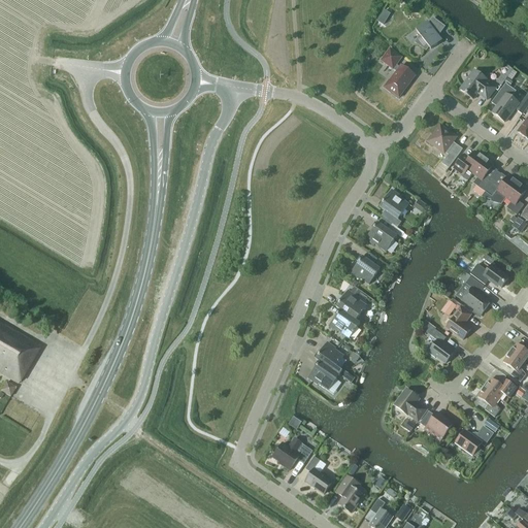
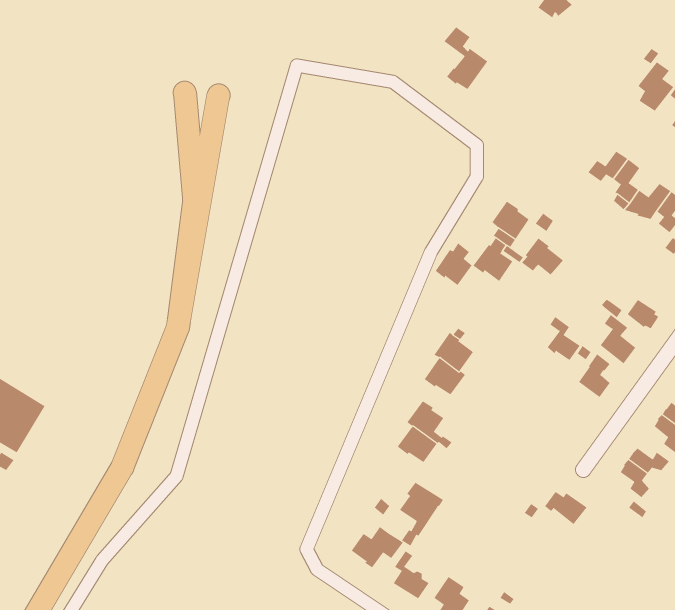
building: [382,47,416,96] -> [444,26,488,90]
building: [460,69,496,99] -> none
building: [428,125,463,167] -> none
building: none -> [521,238,564,275]
building: [352,251,381,284] -> [435,243,473,286]
building: [429,328,455,362] -> [547,316,581,361]
building: [395,389,427,420] -> none
building: none -> [399,482,444,546]
building: [457,425,494,454] -> none

